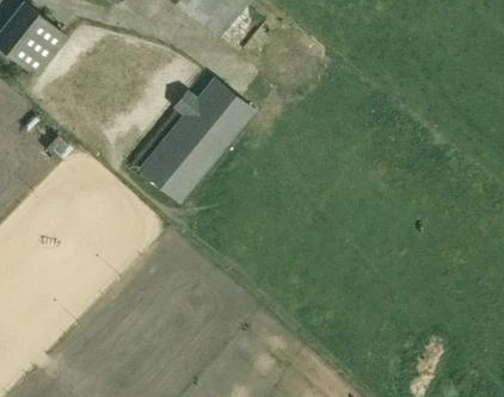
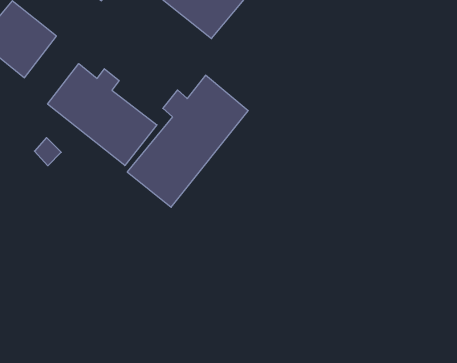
building: none -> [48,64,157,166]

